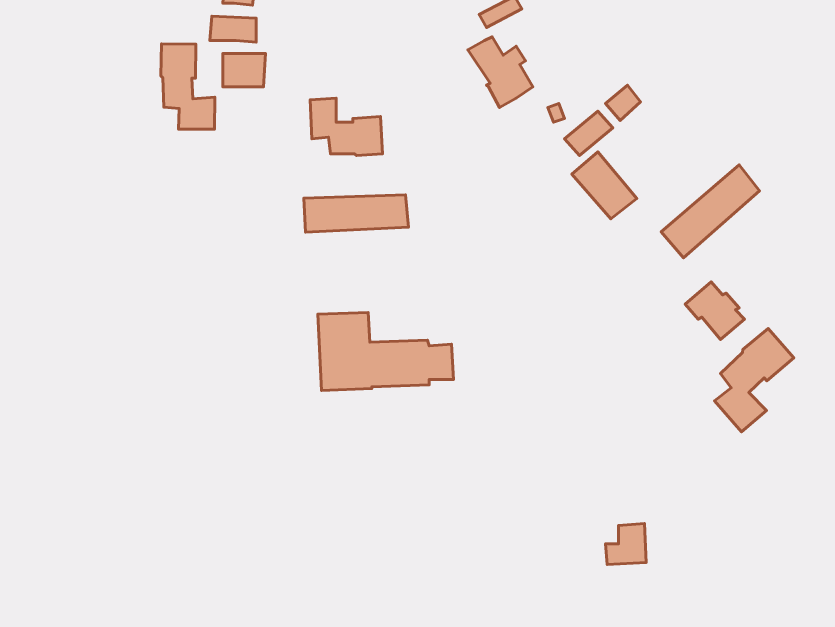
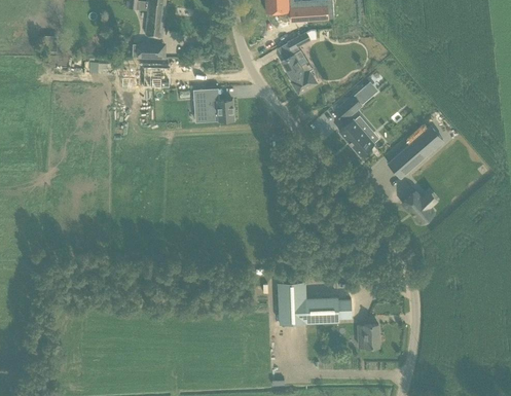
building: [161,44,215,129] -> none
building: [304,195,408,232] -> none
building: [318,312,453,390] -> [277,281,352,324]
building: [714,328,794,432] -> none

